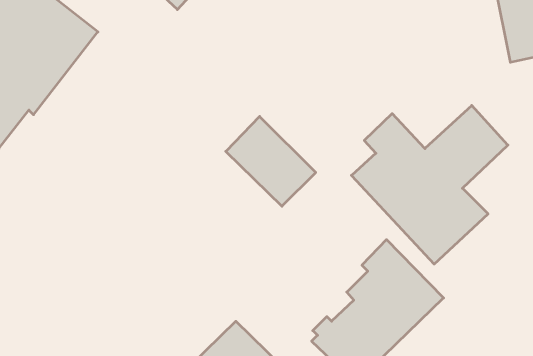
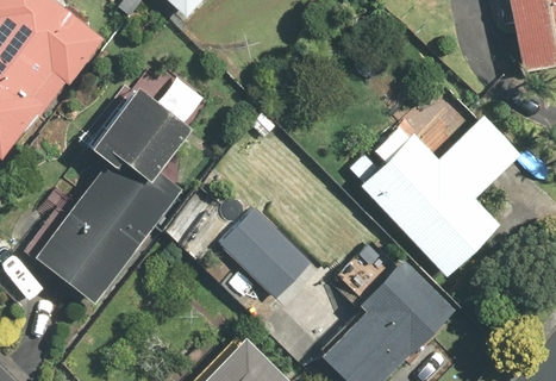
building: none -> [35,90,189,304]
building: [226,116,316,206] -> [219,206,311,298]

